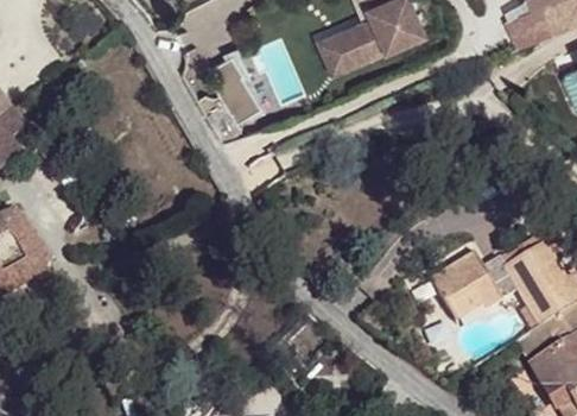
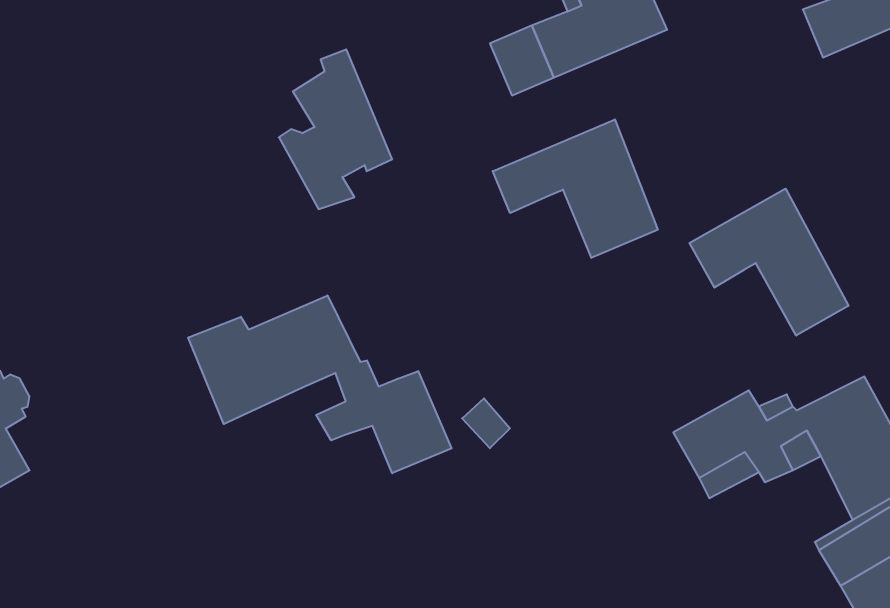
building: none -> [493,119,658,258]
building: none -> [689,189,848,336]
building: none -> [188,295,452,473]

